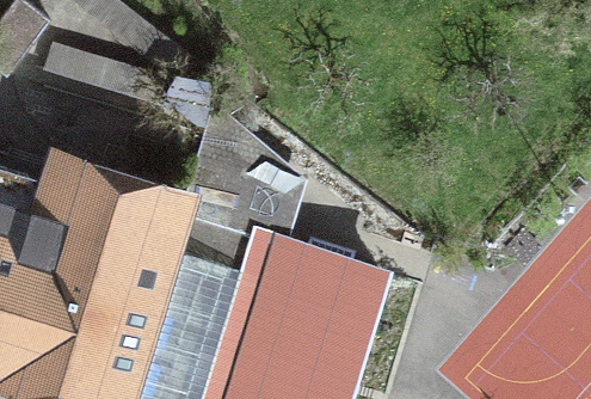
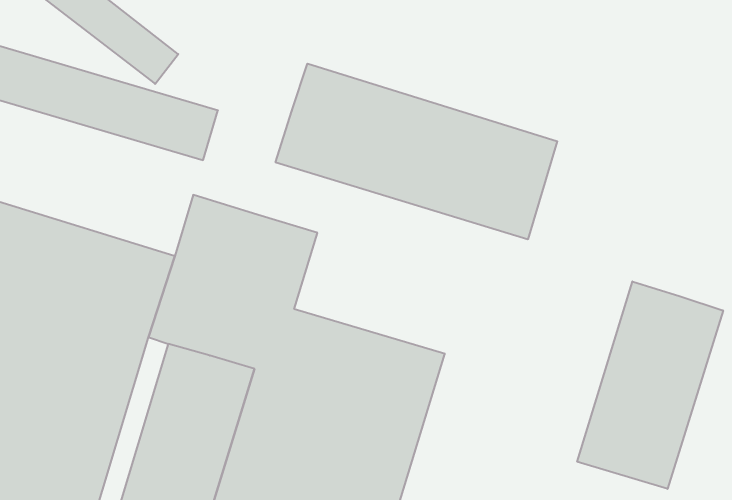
building: none -> [276,64,557,239]
building: none -> [577,281,723,489]

